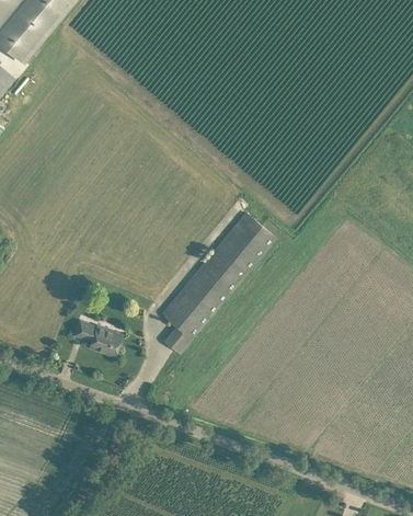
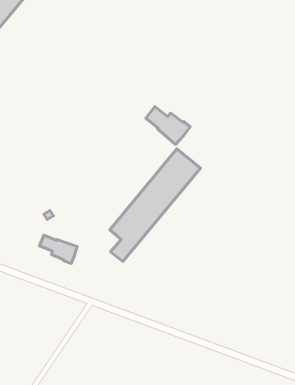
building: none -> [146,107,190,145]

